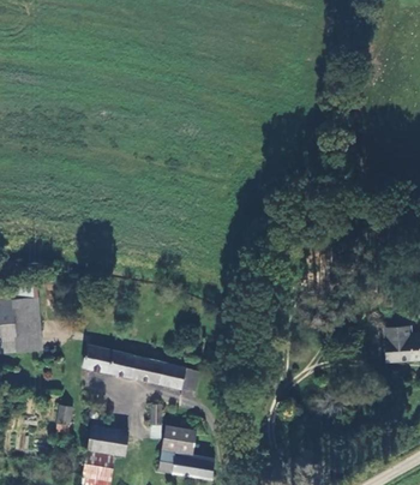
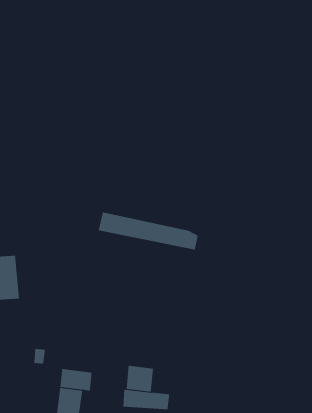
building: [80,346,197,390] -> [98,212,198,250]

